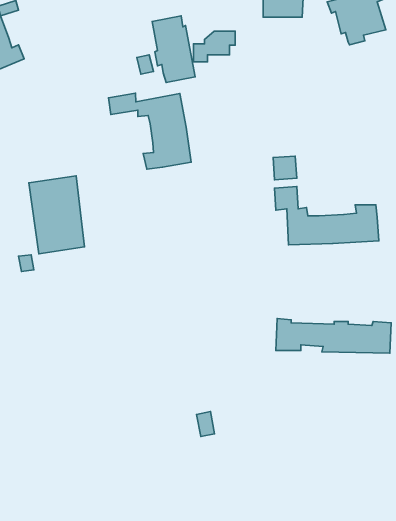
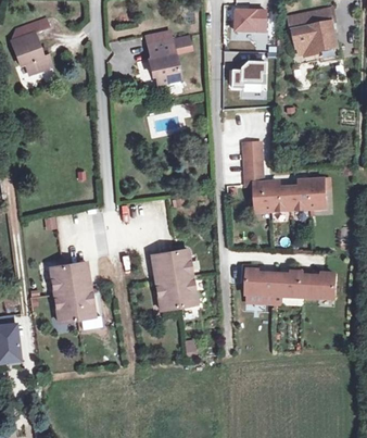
building: [193,31,235,62] -> [232,63,265,87]
building: [109,93,191,169] -> none
building: [29,176,85,254] -> [50,259,93,320]
building: none -> [152,249,195,309]

